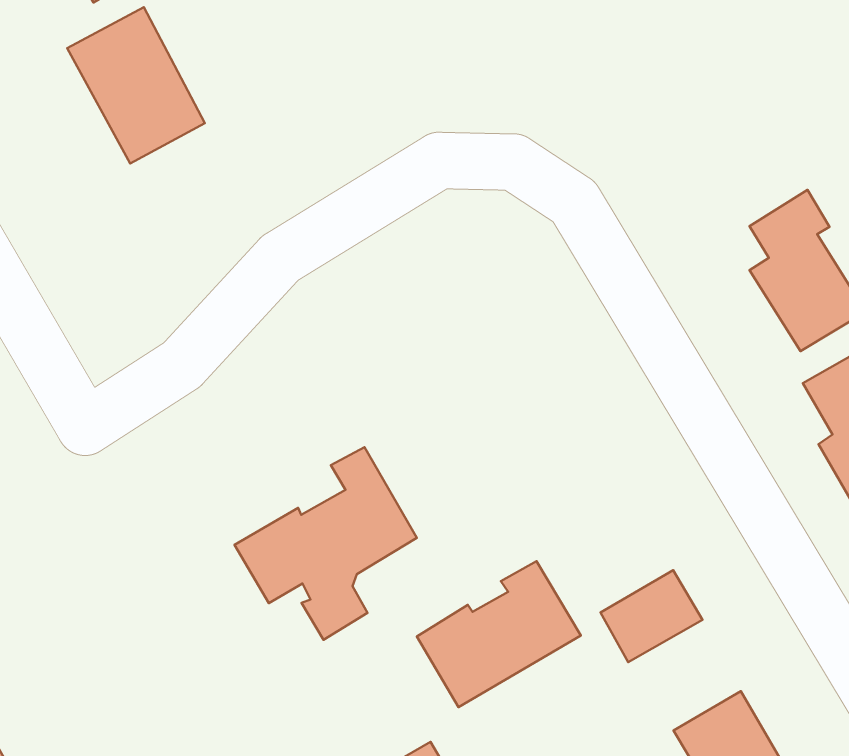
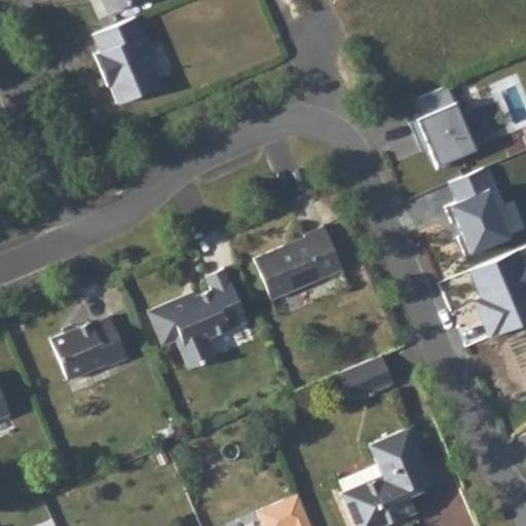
building: none -> [410,86,473,161]
building: [417,561,581,707] -> [256,228,344,301]
building: none -> [52,318,128,381]

